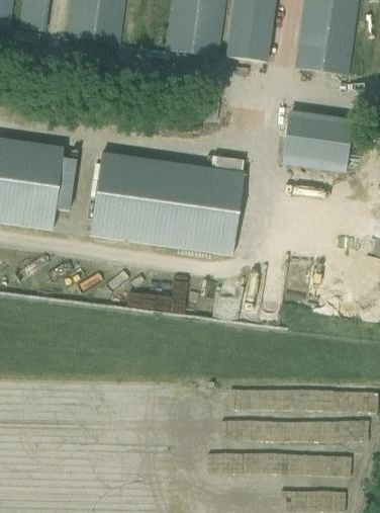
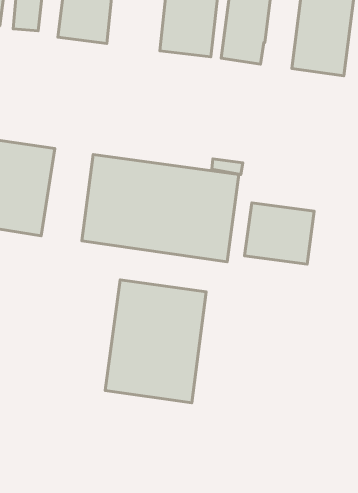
building: [283,111,351,171] -> [245,203,314,264]
building: none -> [105,280,206,403]

